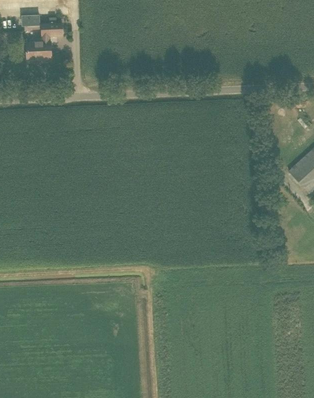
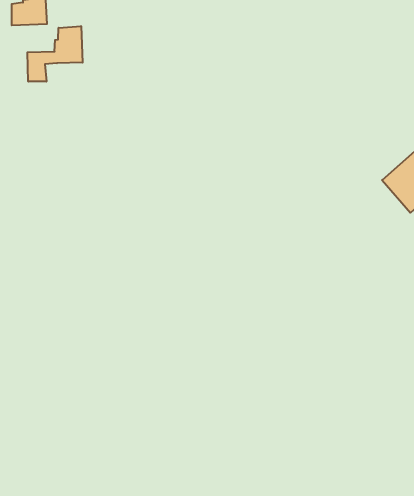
building: none -> [27,26,83,82]

